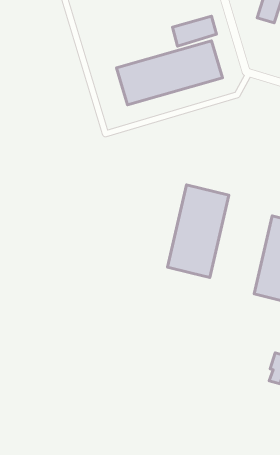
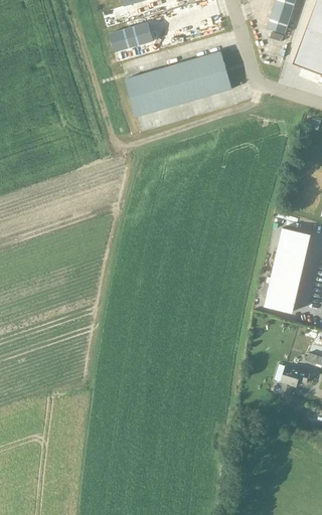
building: [172,16,216,46] -> [110,22,154,52]
building: [167,185,229,278] -> none

